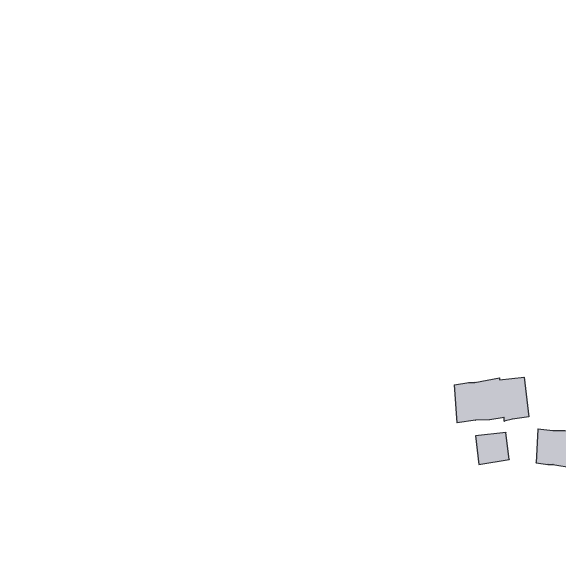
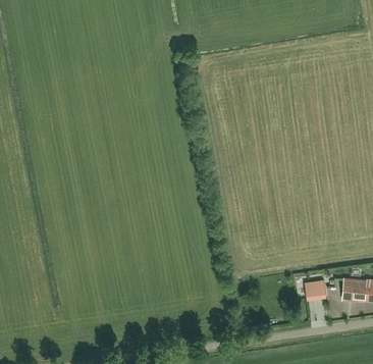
building: [454,377,529,423] -> none

